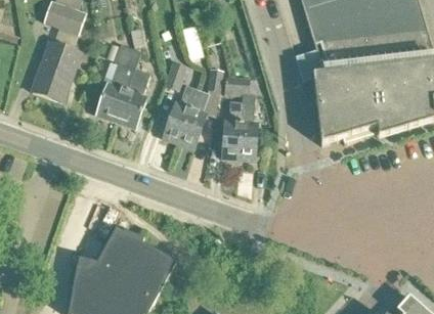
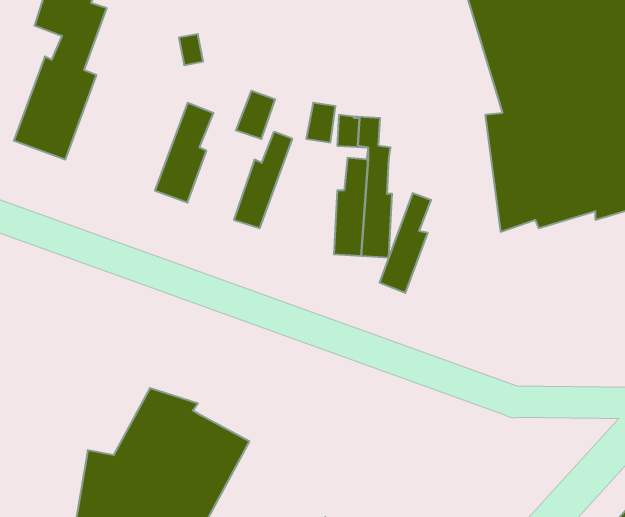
building: [96,41,141,118] -> none
building: [178,87,209,146] -> [380,193,431,293]

